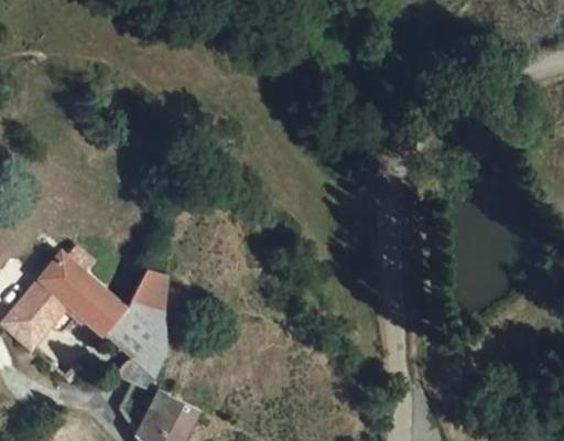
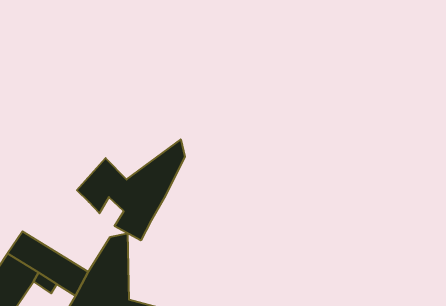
building: none -> [77,139,185,240]

